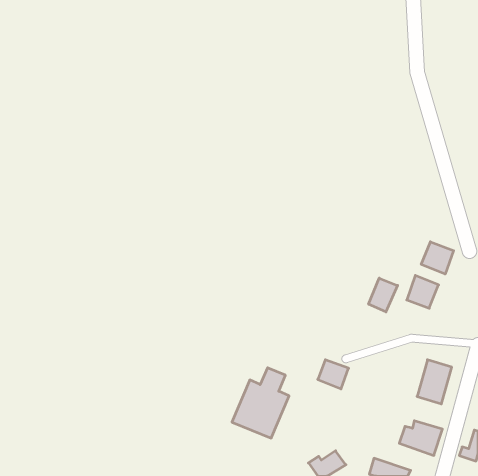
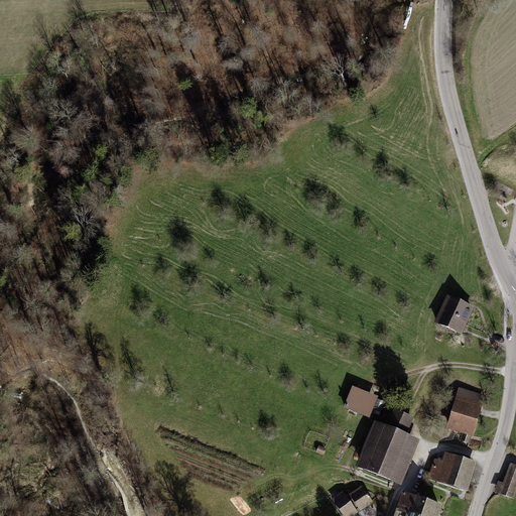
building: [421,242,454,274] -> none
building: [369,278,398,312] -> none
building: [232,368,289,438] -> [357,409,418,485]

